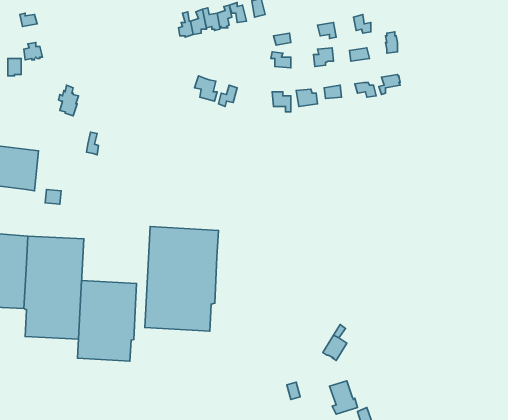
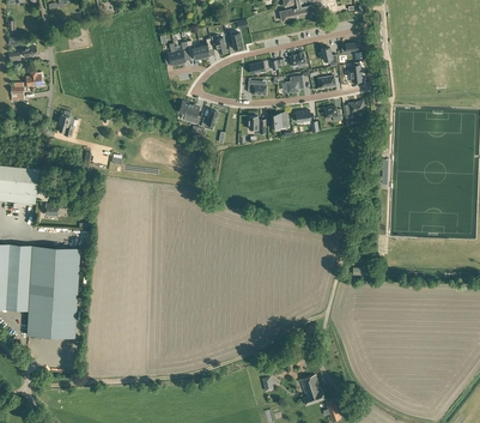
building: [145,226,218,331] -> none
building: [77,280,137,361] -> none

